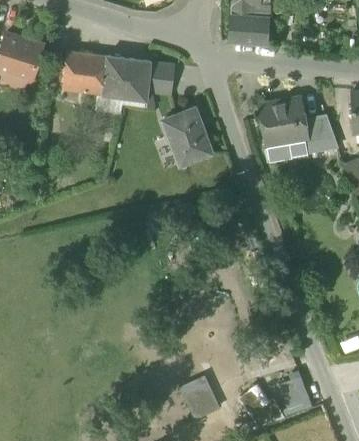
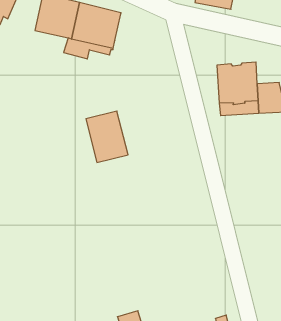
building: [148,62,173,94] -> none
building: [163,108,212,165] -> [86,111,128,162]

